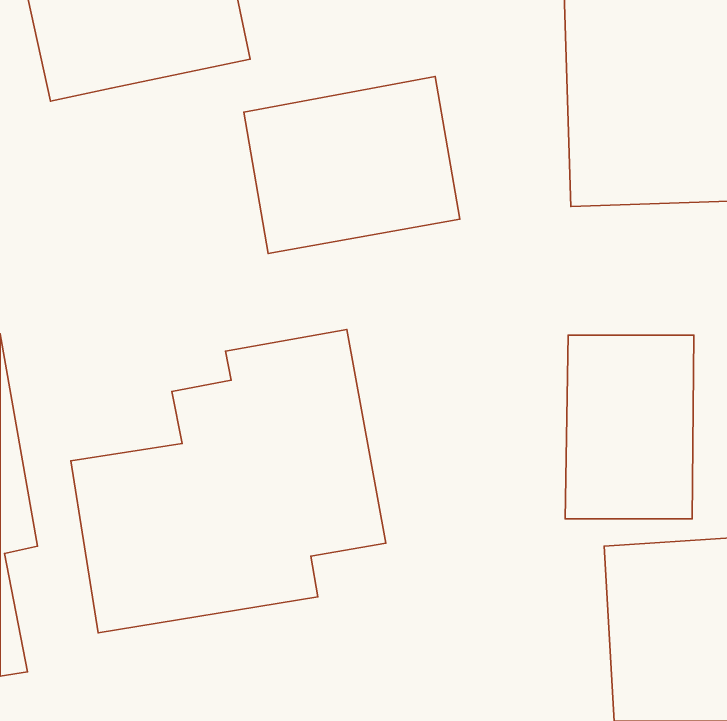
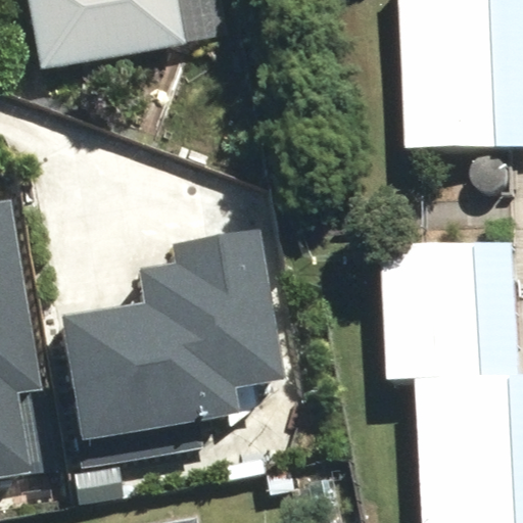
building: [244,76,460,253] -> none

